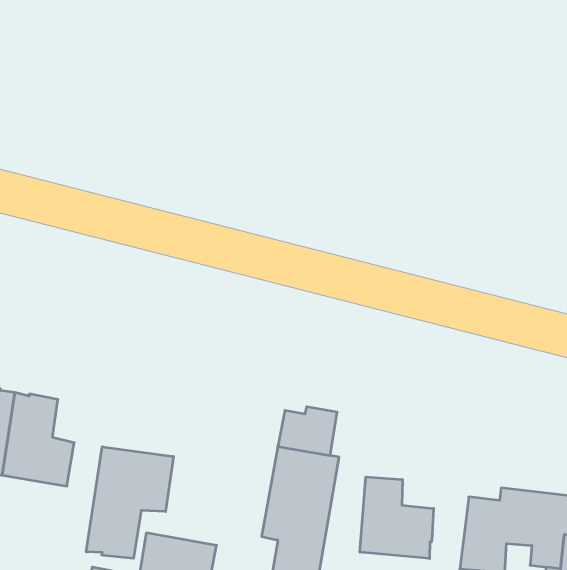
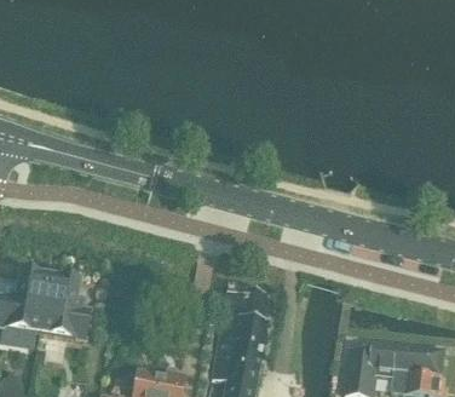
building: [86,447,173,558] -> none
building: [360,477,434,559] -> none

